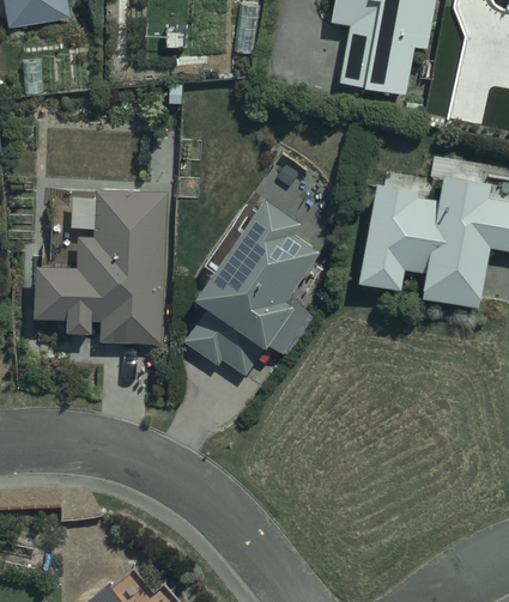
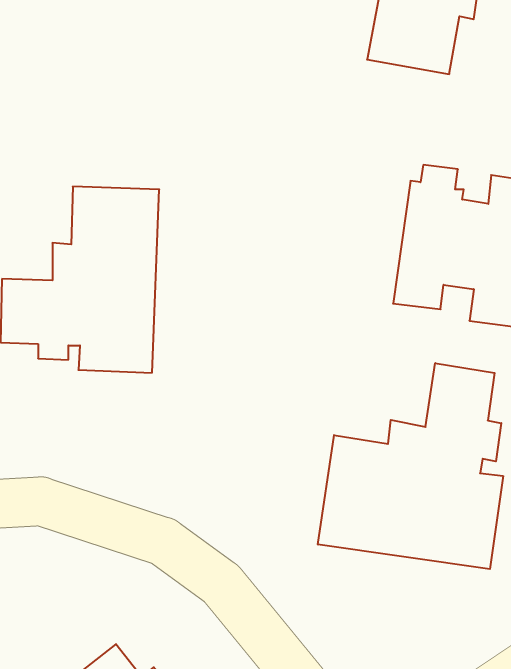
building: [184,203,317,375] -> none
building: none -> [318,363,503,569]

